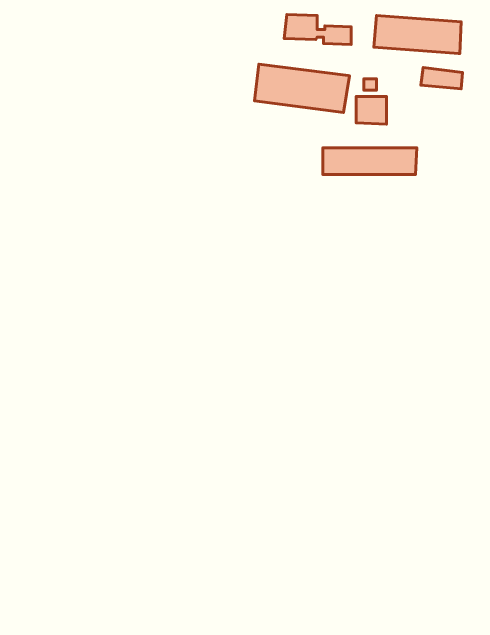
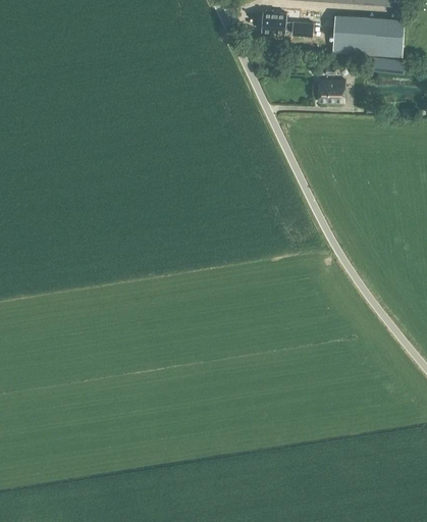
building: [254,64,349,112] -> none
building: [323,148,417,175] -> none

